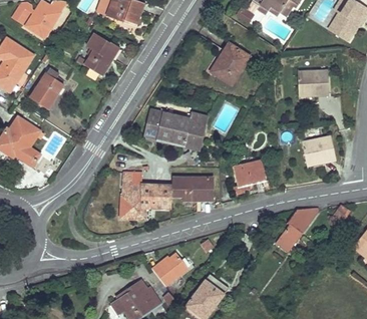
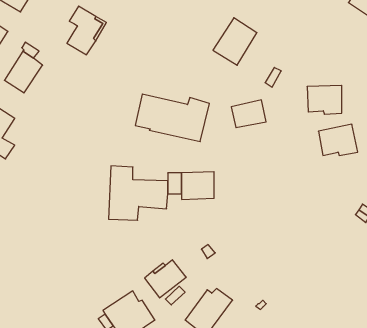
building: [298,70,328,95] -> [307,85,342,114]
building: [234,161,264,185] -> [231,100,266,128]
building: [276,209,319,252] -> none

